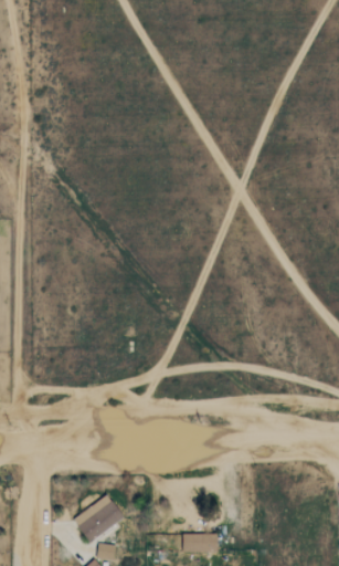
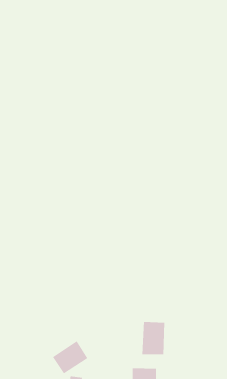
building: none -> [142,321,165,355]

